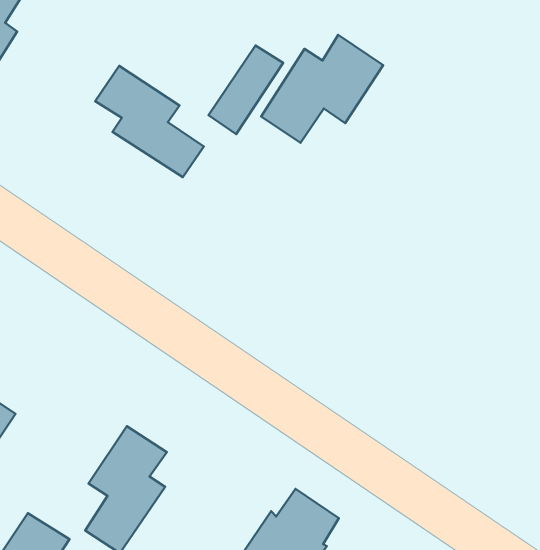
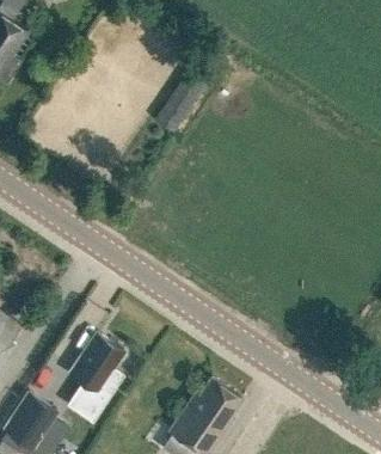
building: [261,35,383,143] -> none
building: [95,66,204,177] -> none

